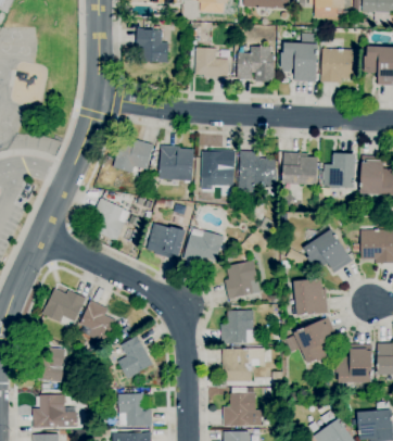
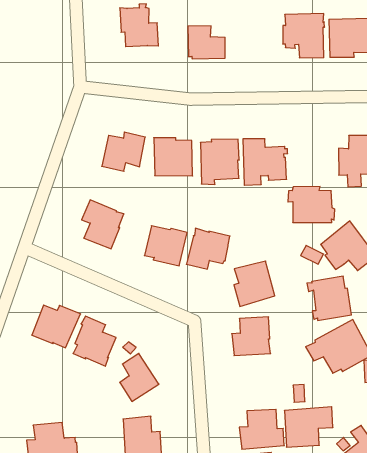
building: [237,46,275,81] -> none
building: [279,151,320,185] -> [288,187,335,223]
building: [34,345,65,381] -> none
building: [223,348,265,381] -> [284,407,333,447]

